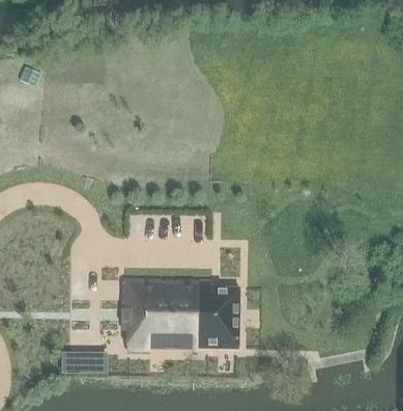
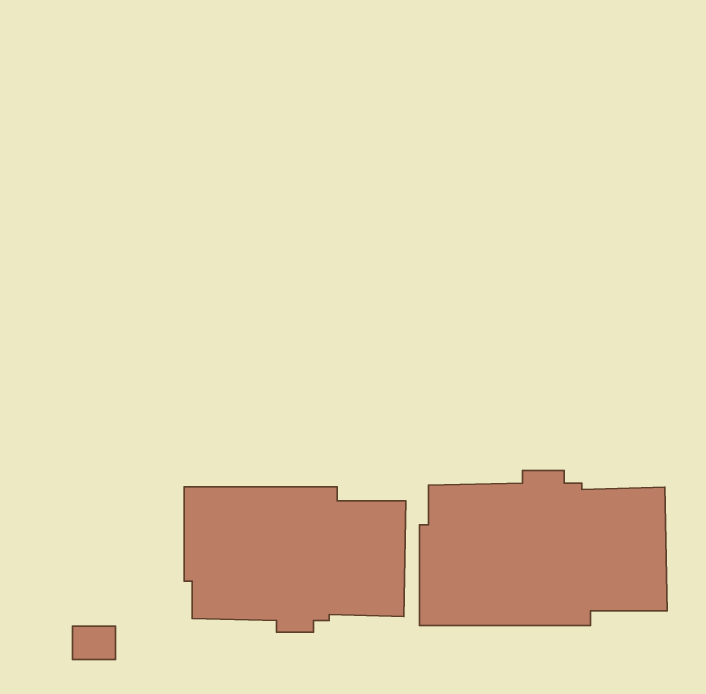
building: none -> [420,471,667,625]

